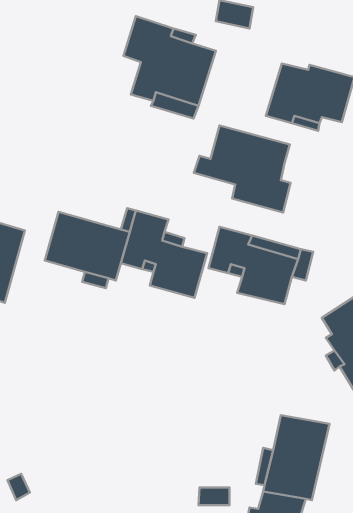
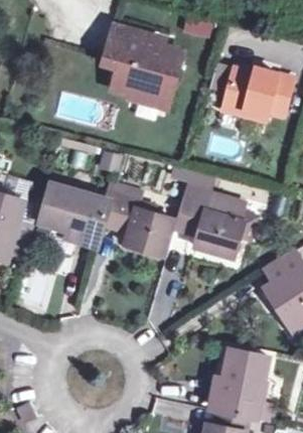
building: [194,125,290,213] -> none

